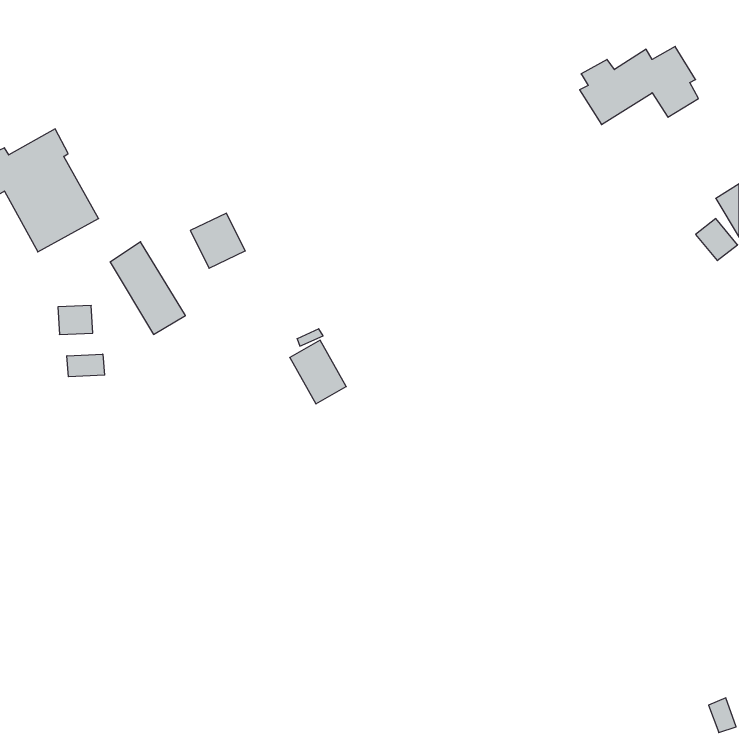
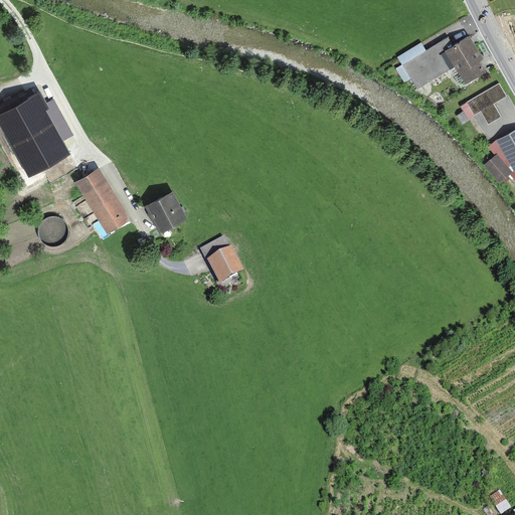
building: none -> [461,83,506,124]
building: [190,213,245,268] -> [147,195,185,233]
building: [67,354,105,377] -> none

